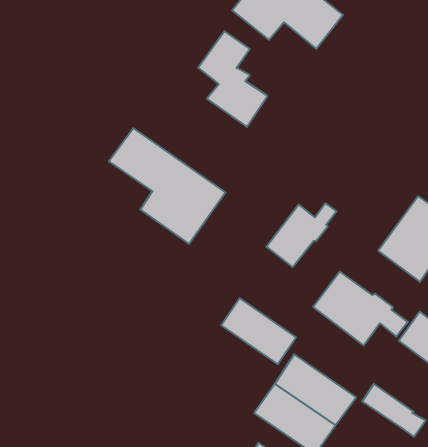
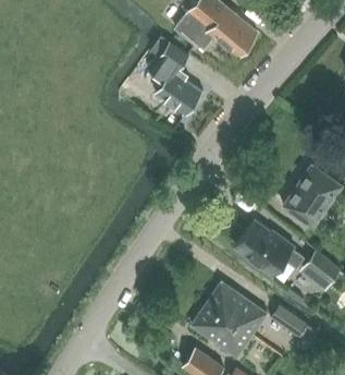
building: [109,128,226,244] -> none
building: [266,203,337,267] -> none
building: [221,298,296,364] -> none

